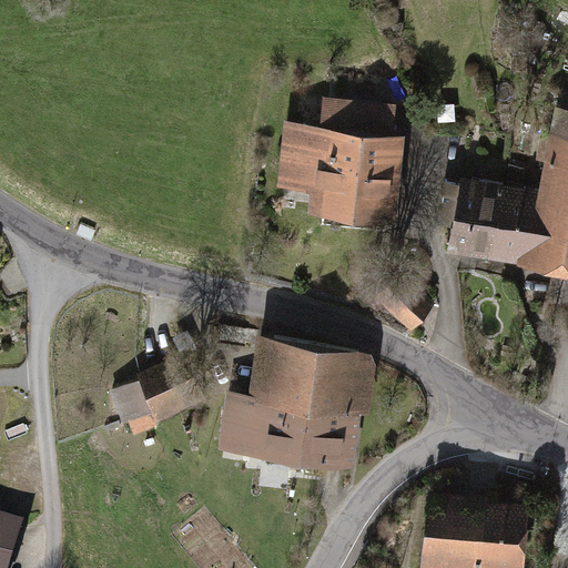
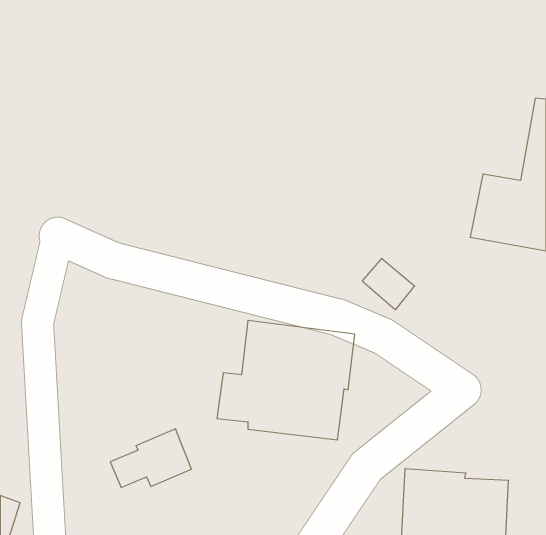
building: [281,103,393,222] -> none
building: [435,183,501,257] -> none
building: [115,364,200,425] -> [110,429,192,487]

